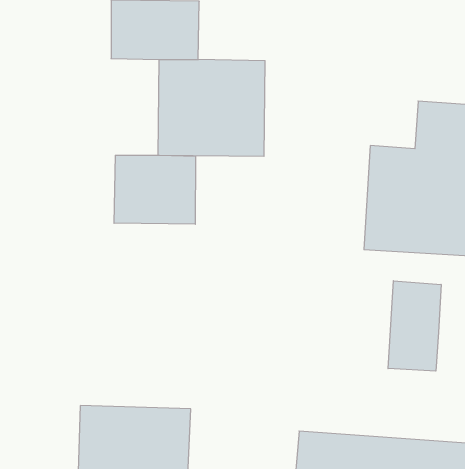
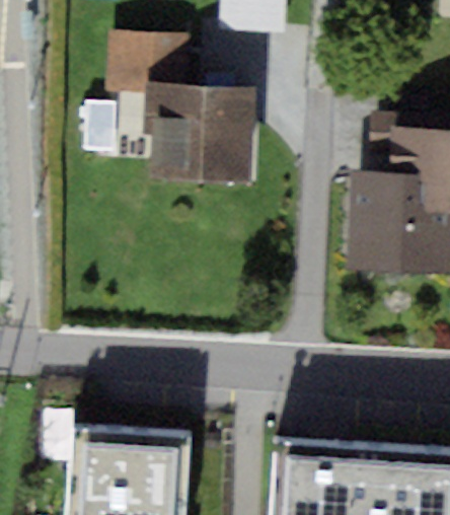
building: [114,155,196,224] -> none
building: [388,281,441,371] -> none

